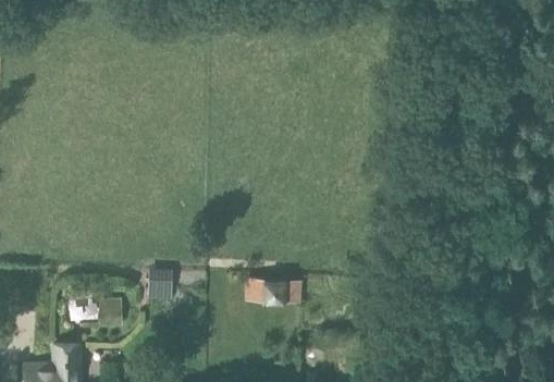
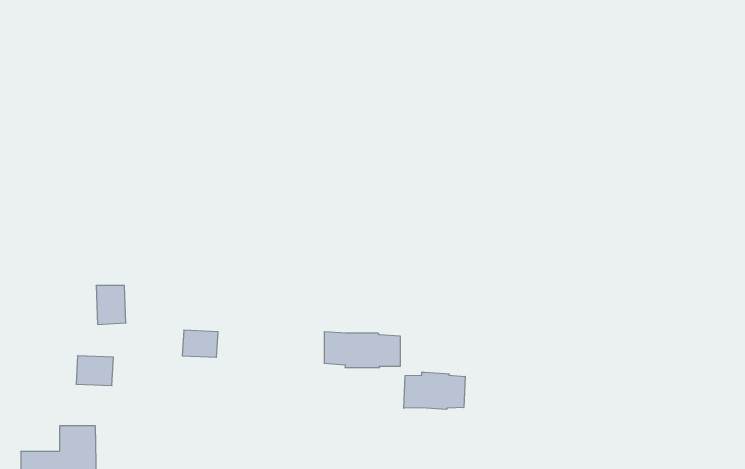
building: [100,298,122,326] -> [96,286,126,324]
building: none -> [404,372,465,409]

